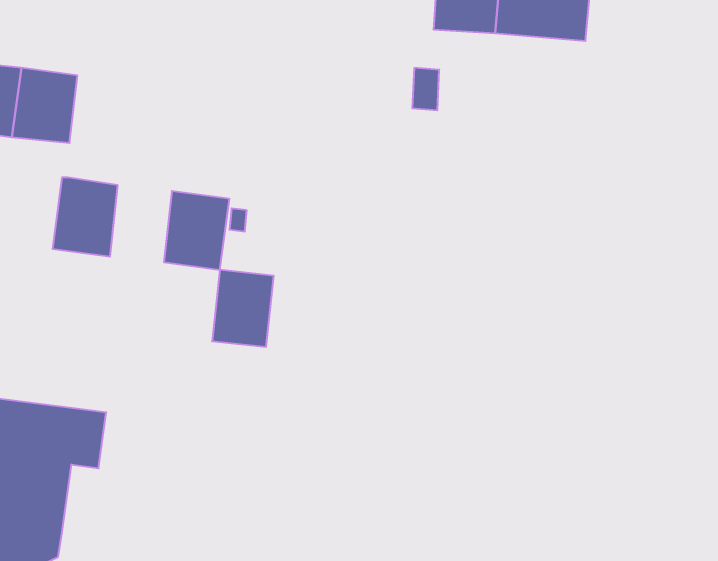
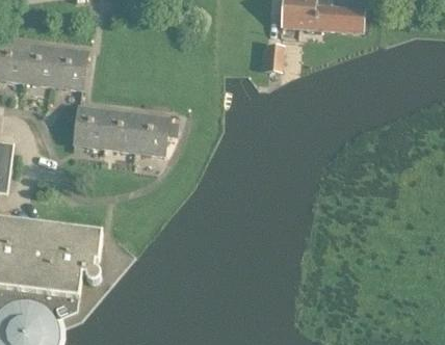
building: [212,270,274,347] -> [105,109,138,151]

